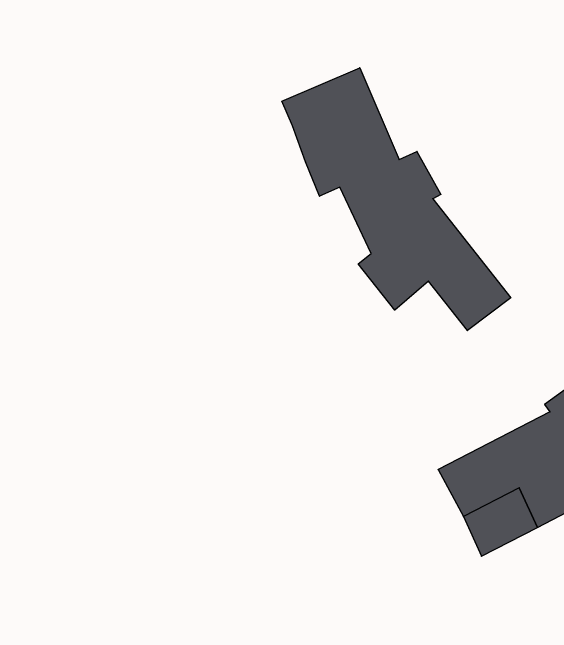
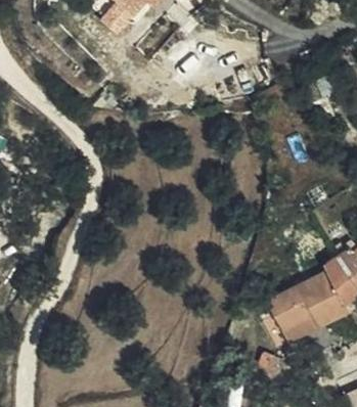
building: [282,68,511,331] -> none

